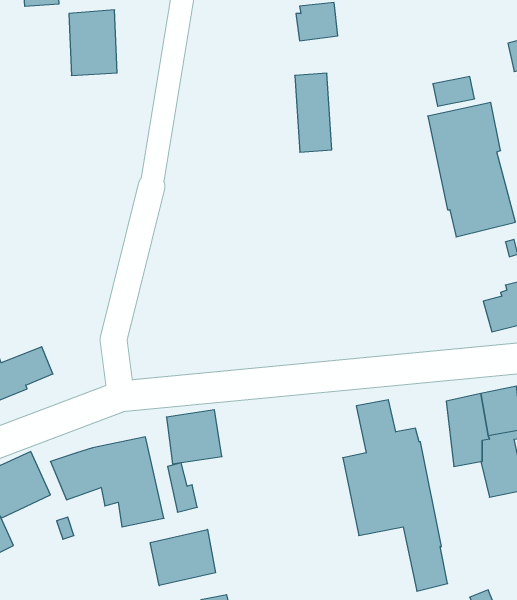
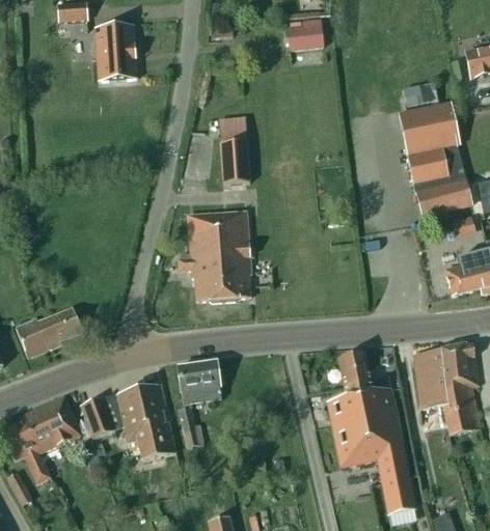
building: [295,73,332,152] -> [218,117,249,184]
building: none -> [170,211,250,301]
building: [150,529,215,586] -> none

